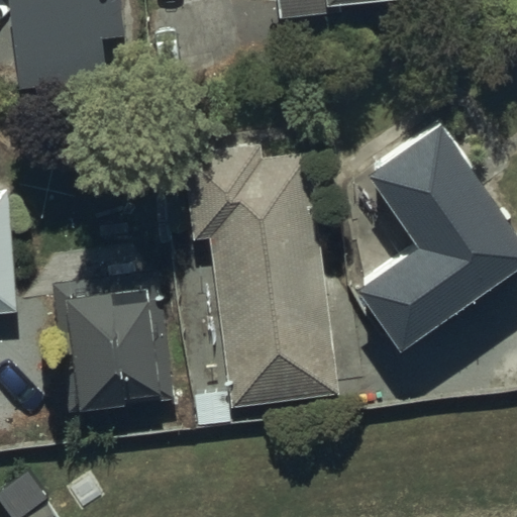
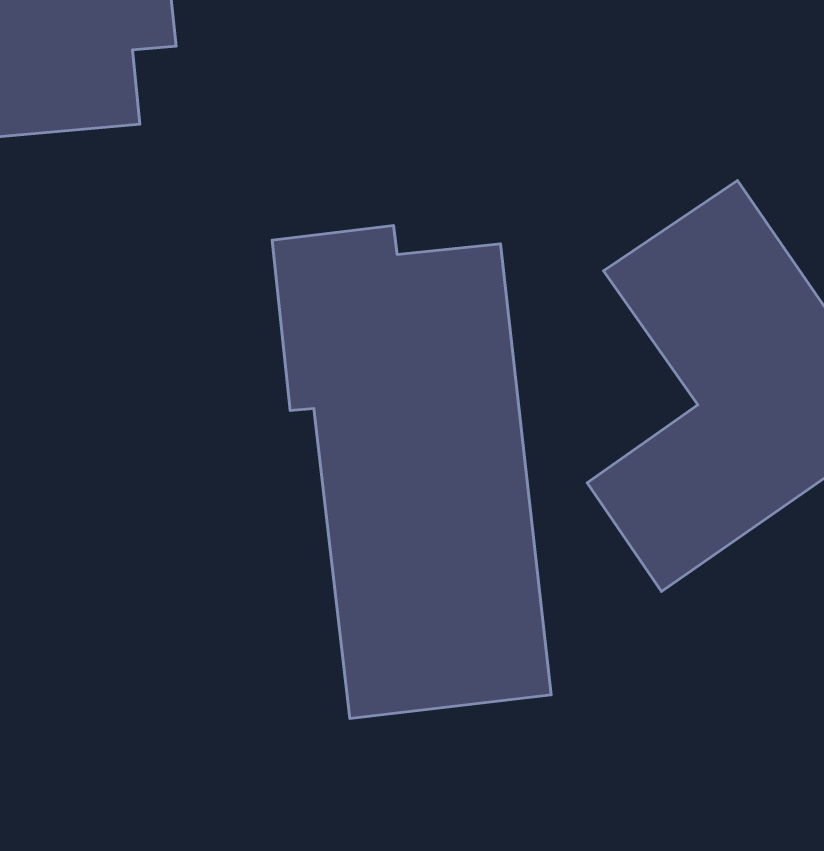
building: [49,277,173,431] -> none

